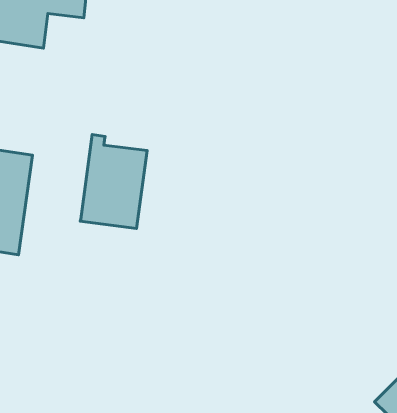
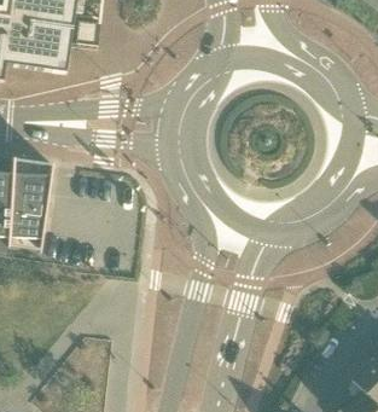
building: [80,134,147,229] -> none

